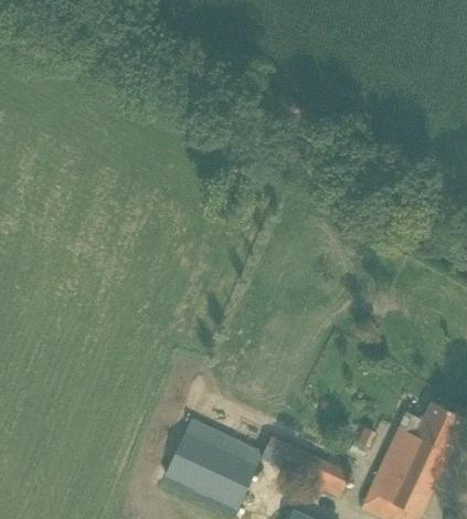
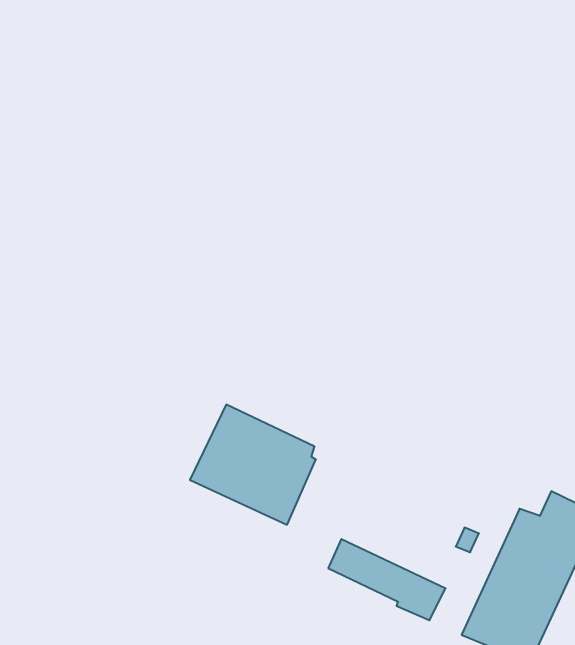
building: [163,419,259,510] -> [190,405,316,525]

